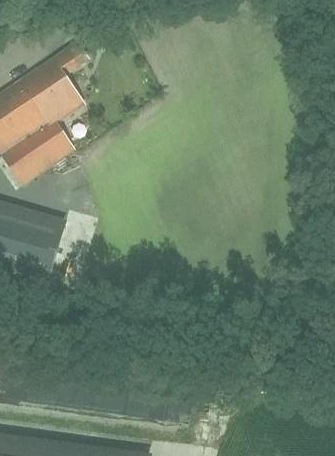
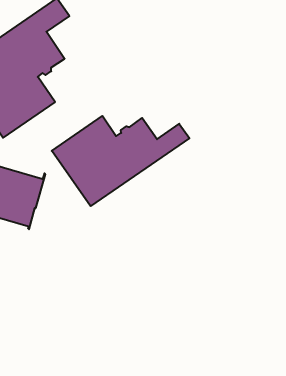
building: none -> [52,116,189,206]

